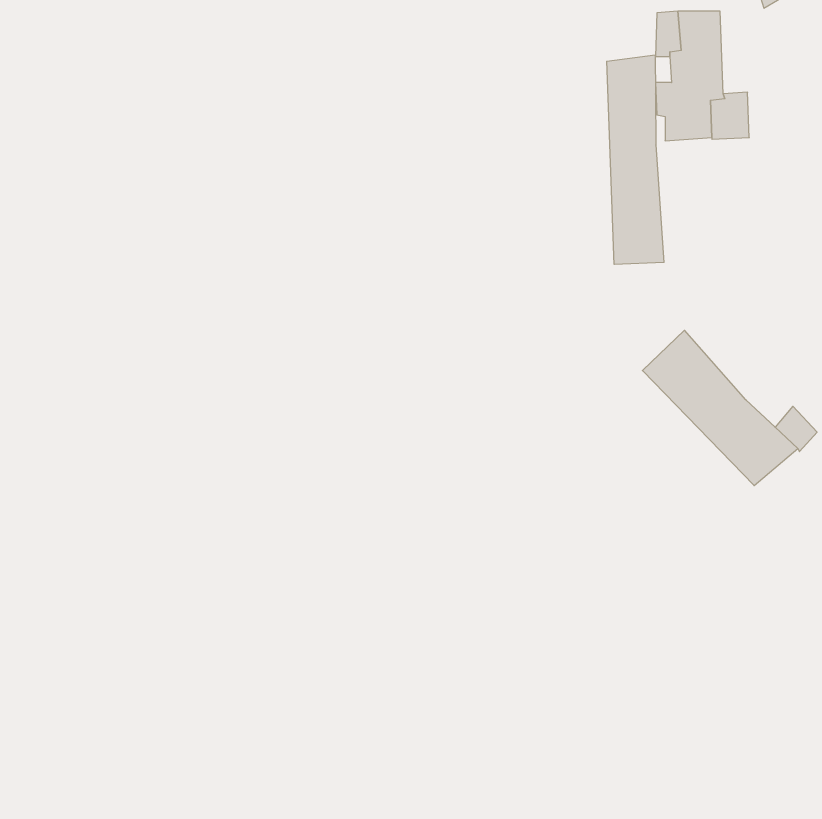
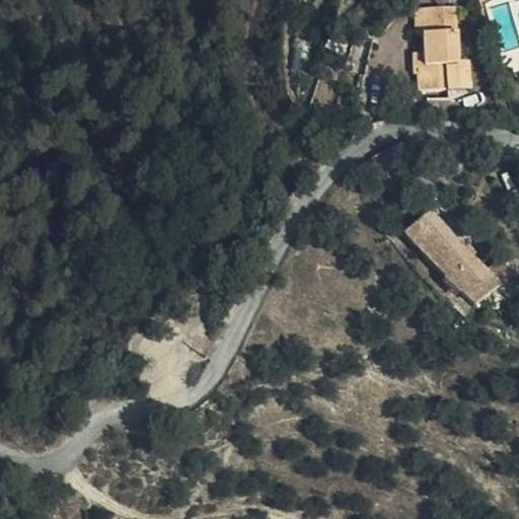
building: [607,55,664,264] -> none

